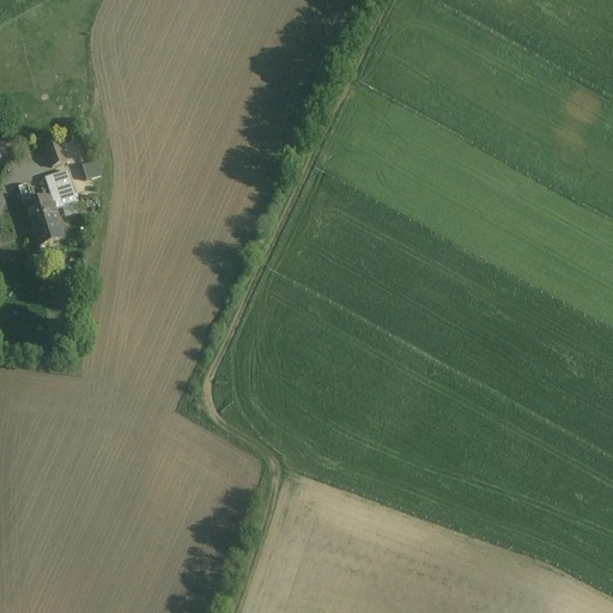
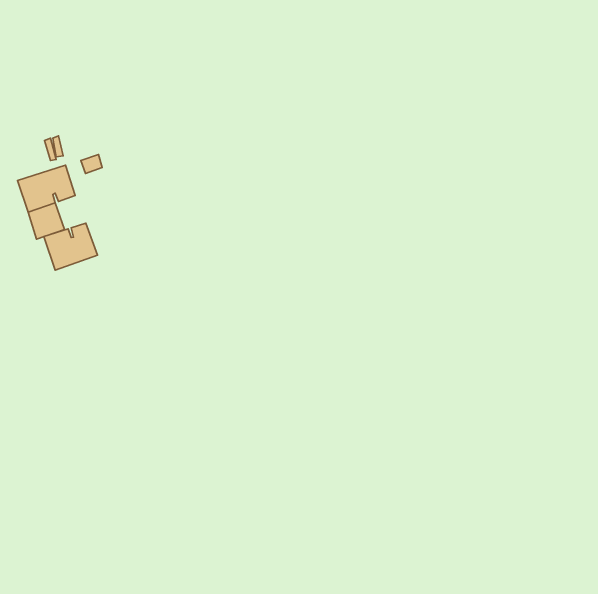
building: none -> [44,223,97,270]

